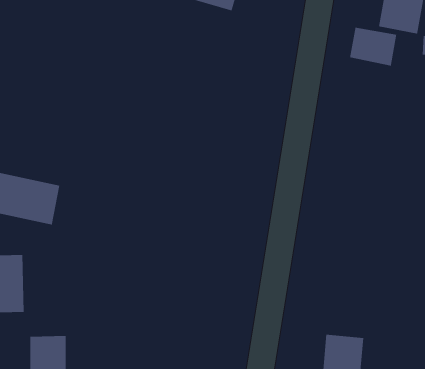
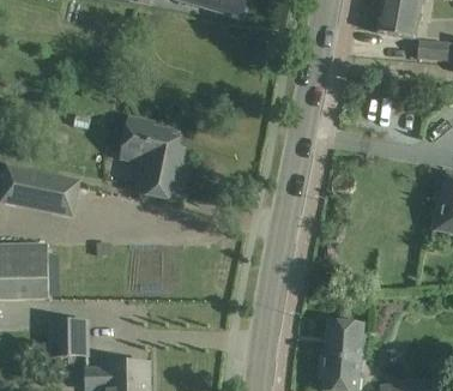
building: [350,27,397,66] -> none
building: none -> [121,118,185,199]

